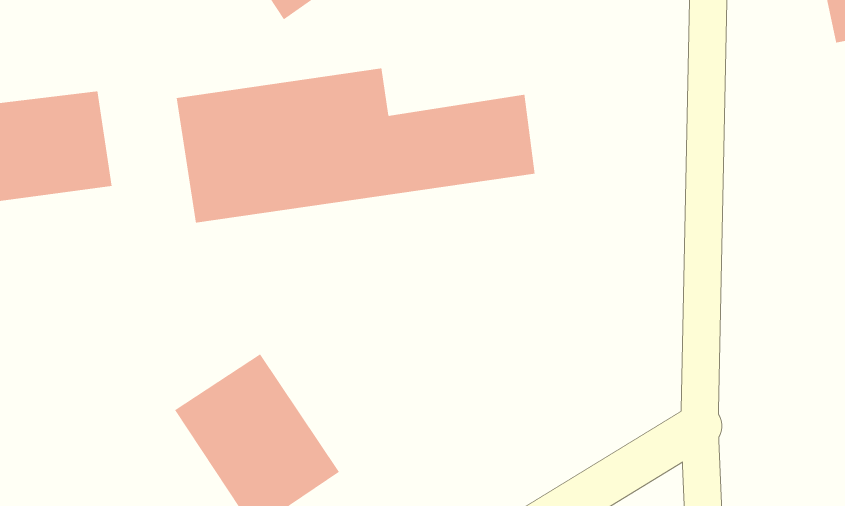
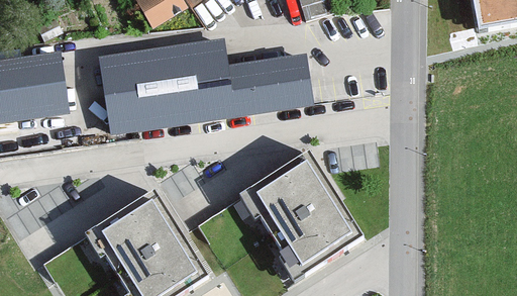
building: none -> [256,164,351,265]

